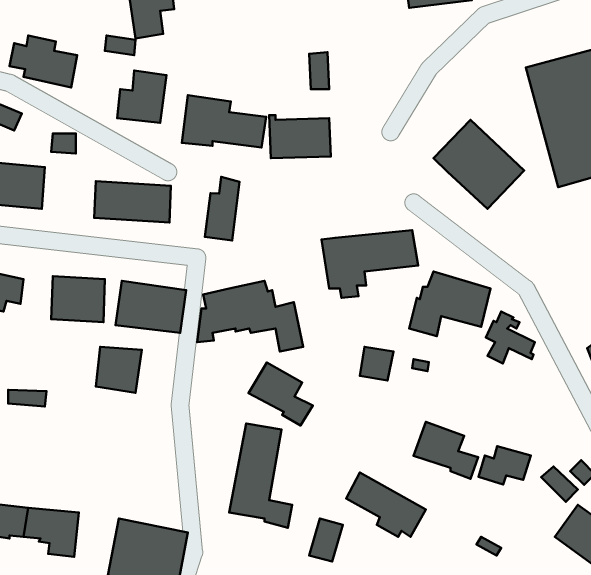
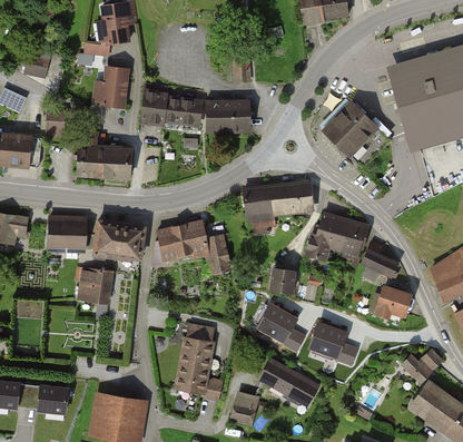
building: [205,177,240,240] -> none
building: [248,363,313,426] -> [257,305,304,351]
building: [479,446,531,485] -> [371,288,408,316]

